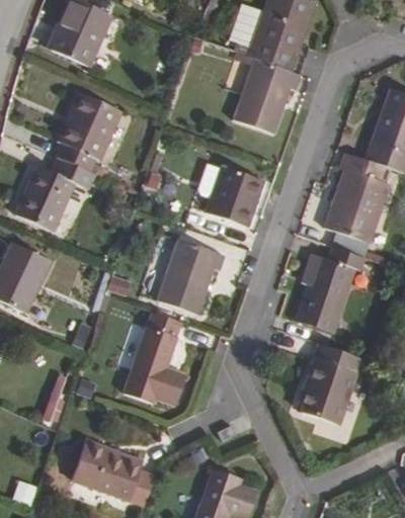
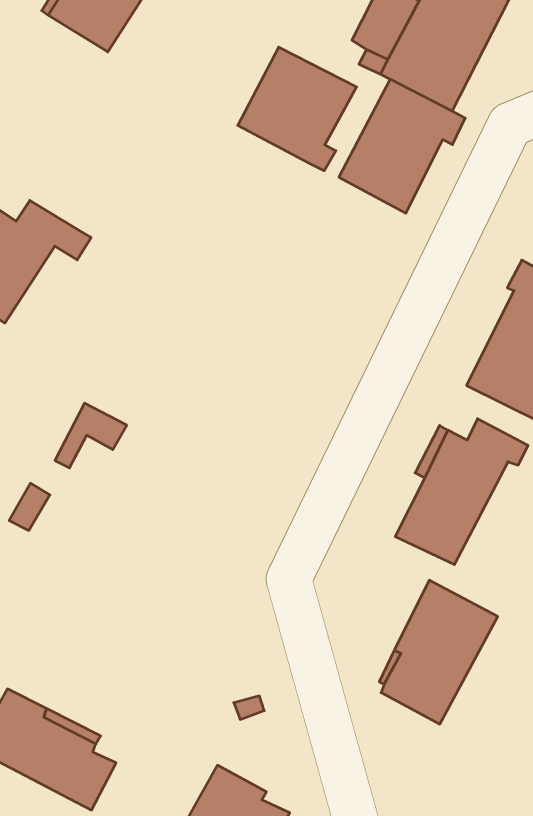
building: none -> [238,47,357,171]
building: [55,92,120,172] -> none
building: [206,166,264,227] -> none
building: [156,238,225,315] -> none
building: [124,312,186,405] -> none

